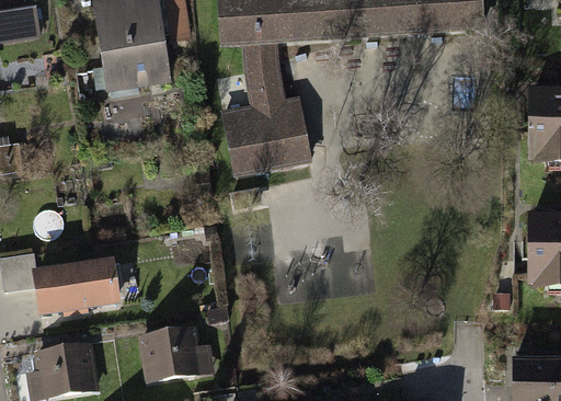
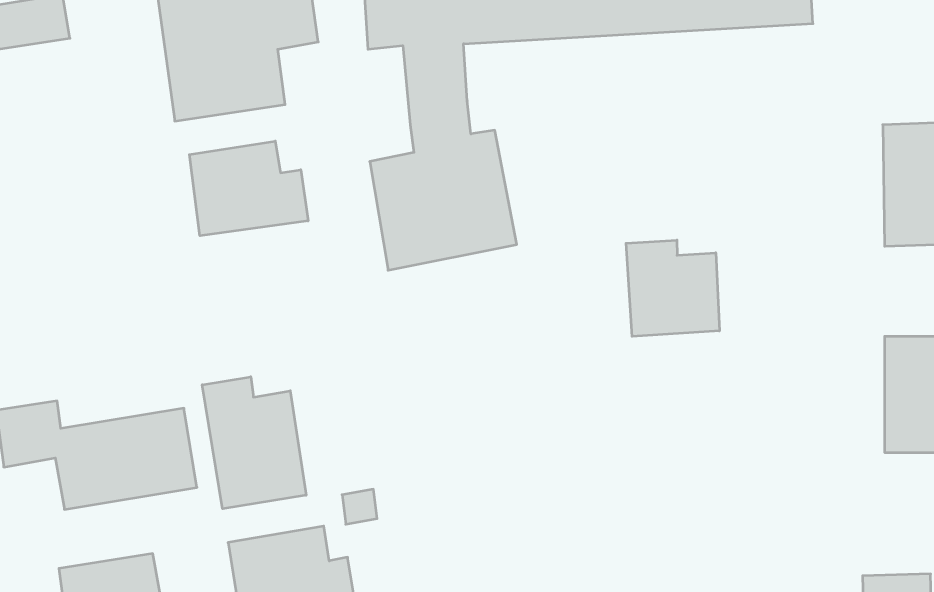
building: none -> [189,141,308,236]
building: none -> [626,240,719,336]
building: none -> [202,377,306,509]

